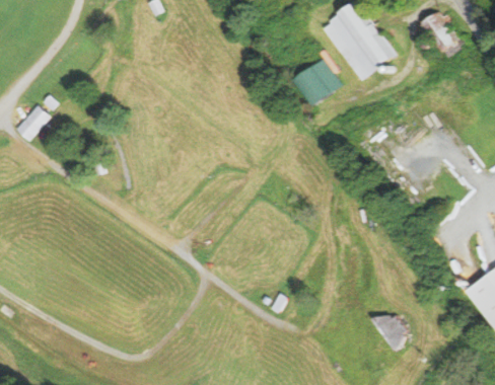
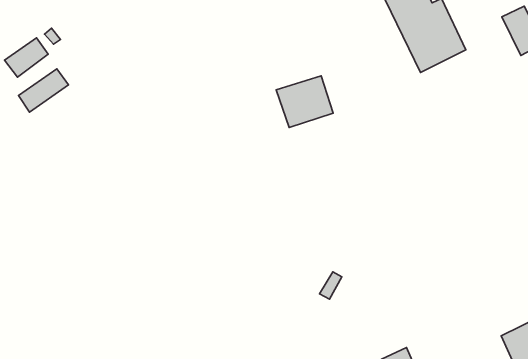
building: [292,58,343,105] -> [276,76,333,128]
building: none -> [18,69,68,112]

